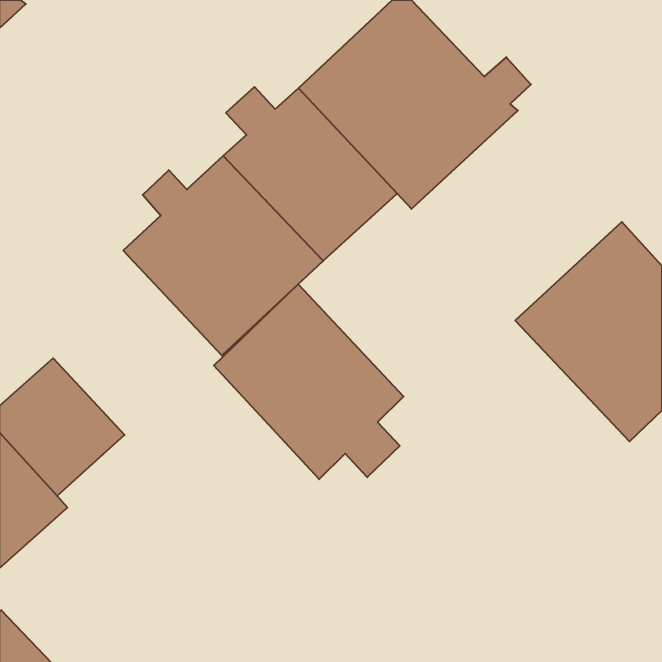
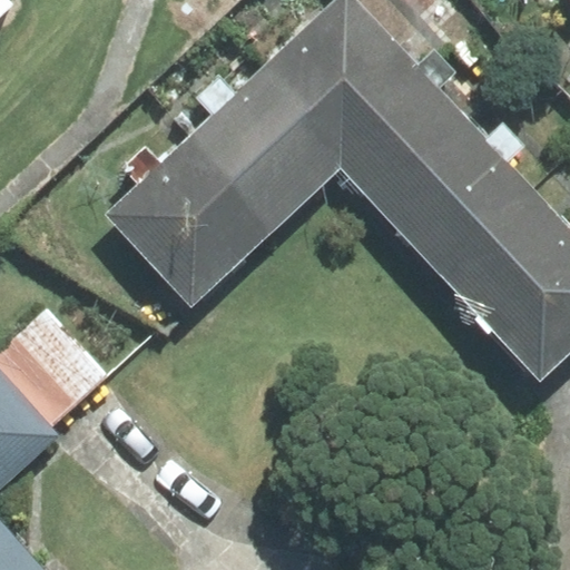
building: none -> [353,96,533,276]
building: [214,284,404,479] -> none

